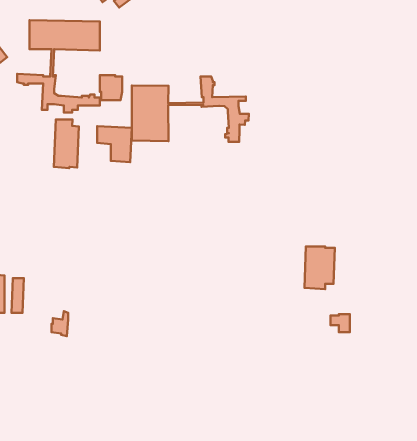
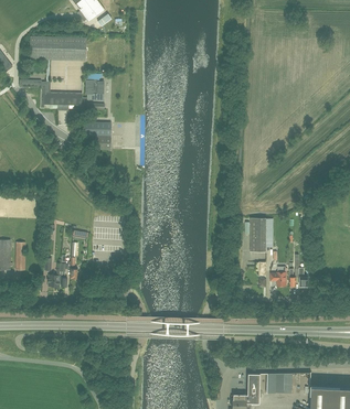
building: [132,76,249,142] -> none
building: [54,120,79,168] -> none

